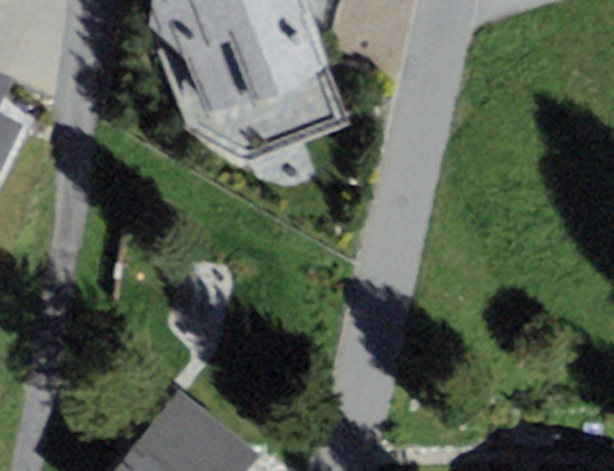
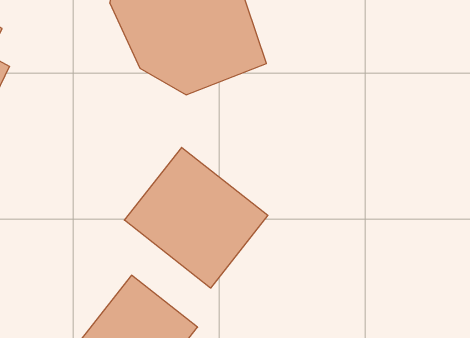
building: none -> [124,147,268,288]

